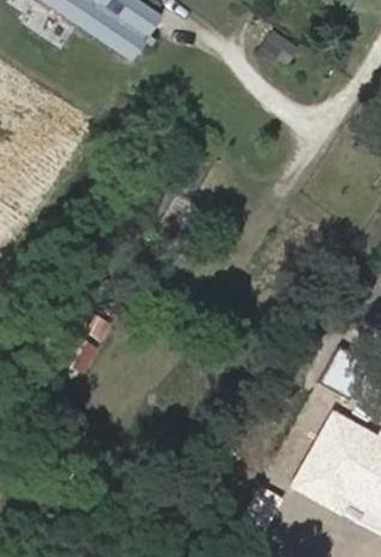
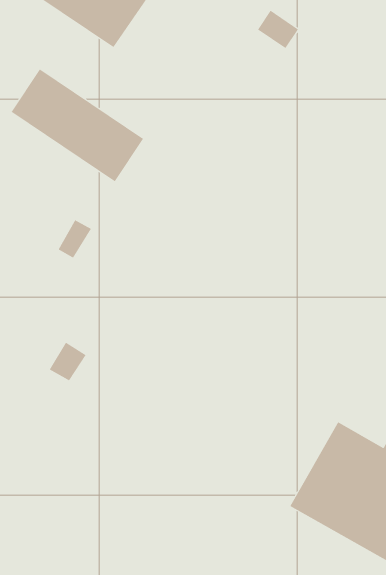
building: none -> [11,68,144,182]

